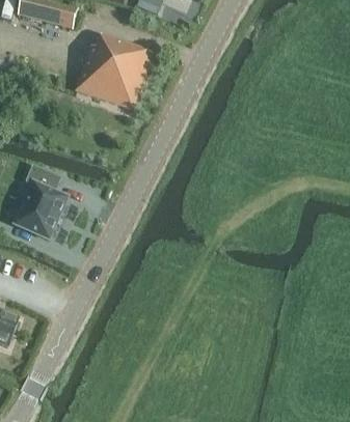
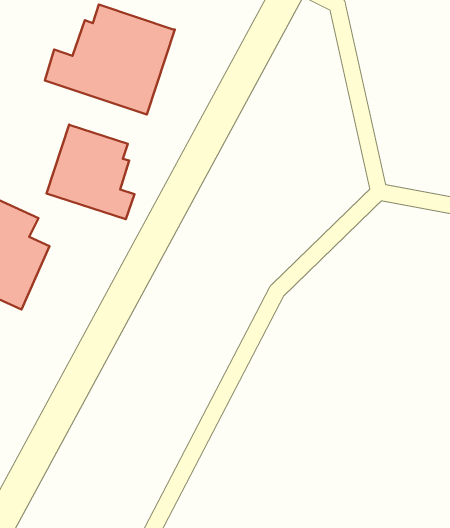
building: none -> [47,124,135,219]

